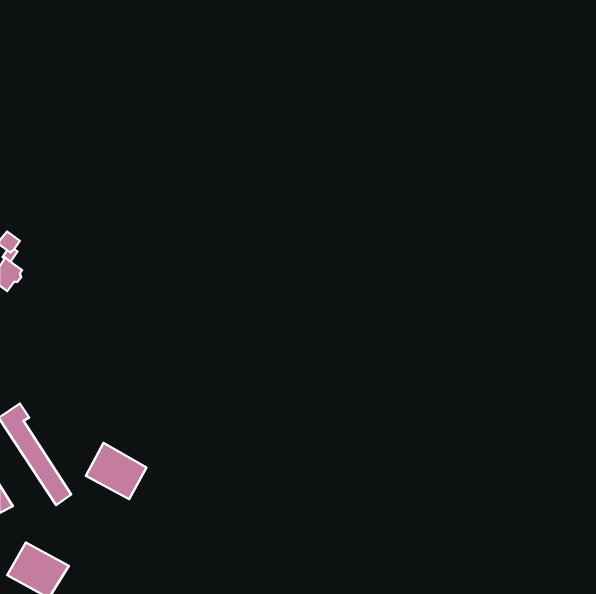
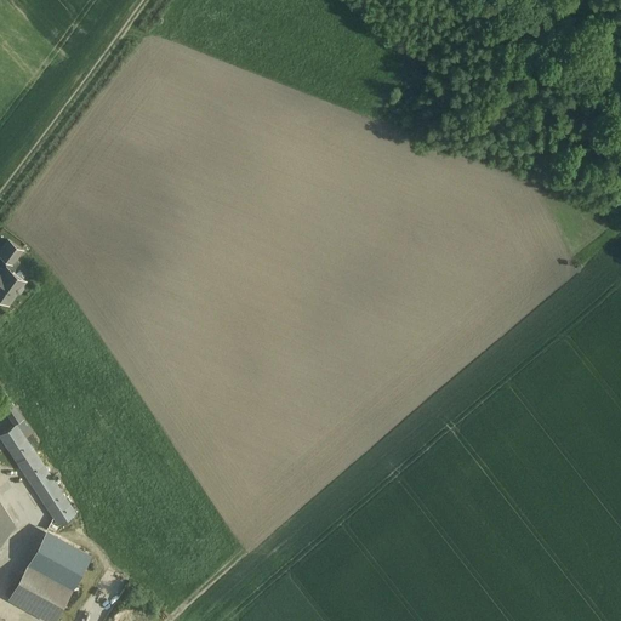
building: [86,443,147,499] -> [27,532,90,591]

